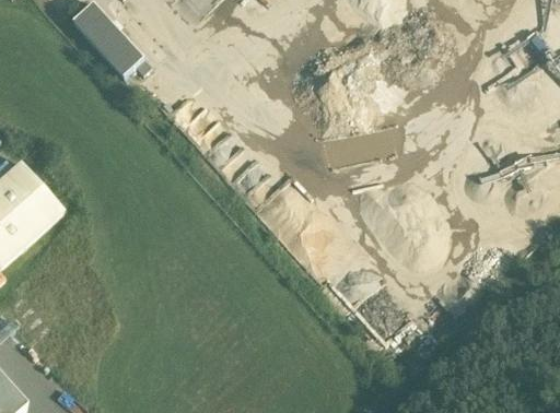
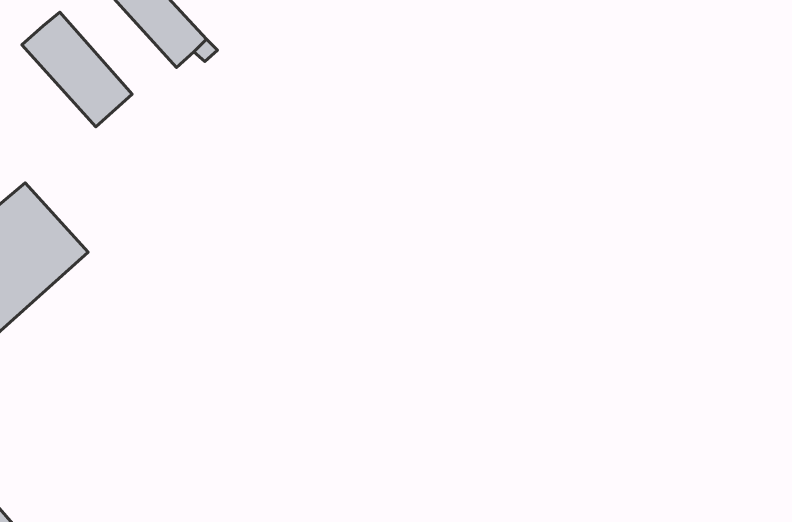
building: none -> [22,12,132,127]

